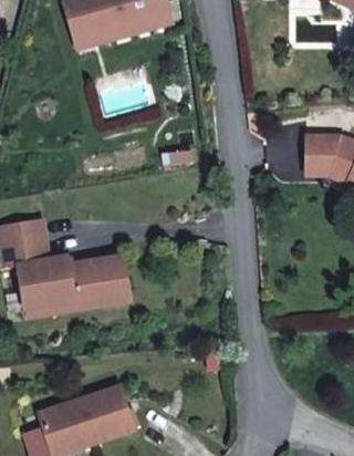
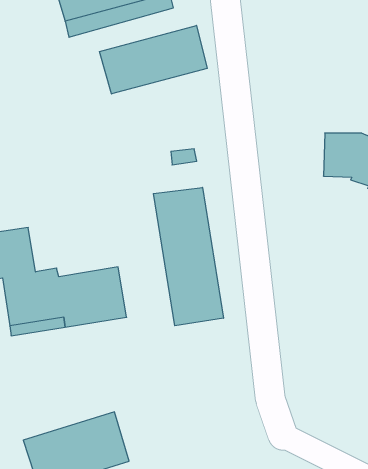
building: none -> [100,25,207,94]
building: none -> [153,187,223,326]

